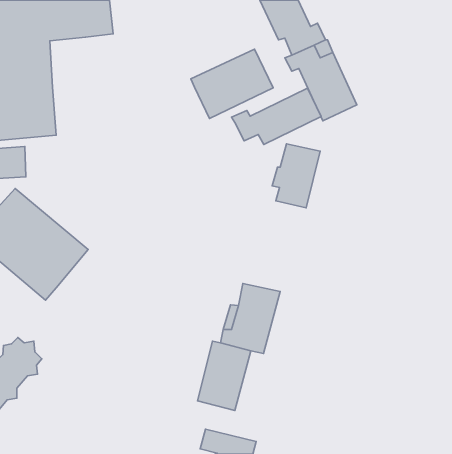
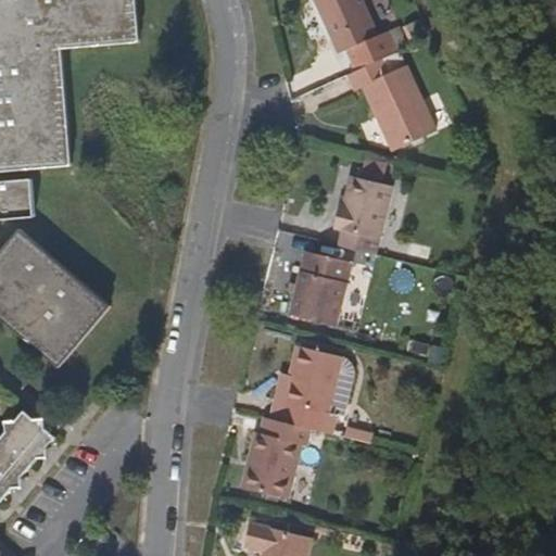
building: [191,49,273,119] -> none
building: [232,88,321,145] -> none
building: none -> [290,250,350,323]

